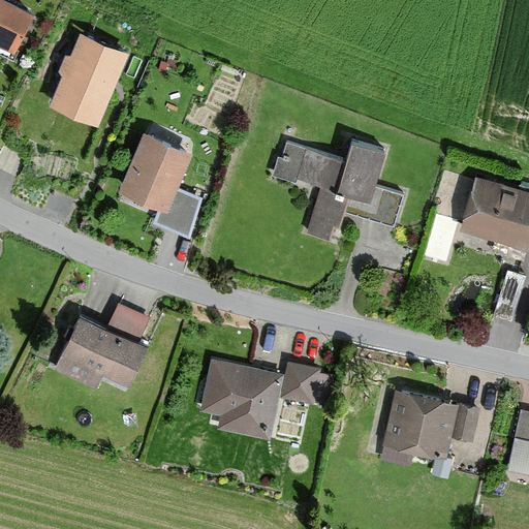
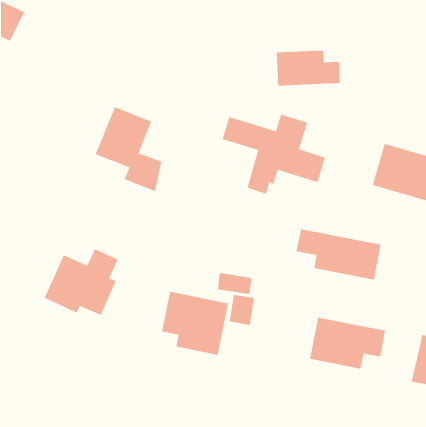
building: [46,34,127,127] -> none
building: none -> [276,50,340,86]
building: none -> [296,228,381,280]
building: none -> [217,272,252,295]

